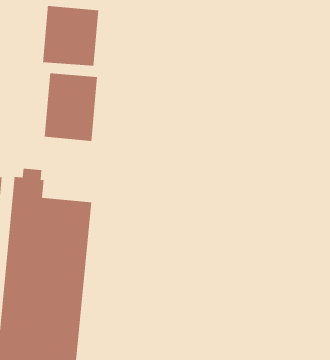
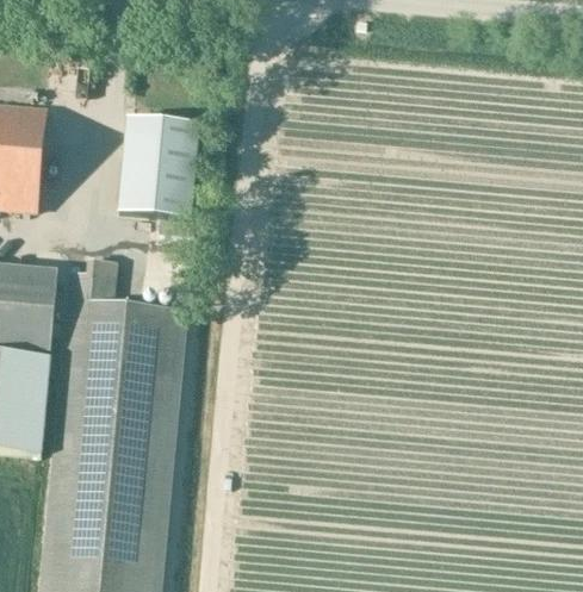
building: [43,5,99,67] -> none

